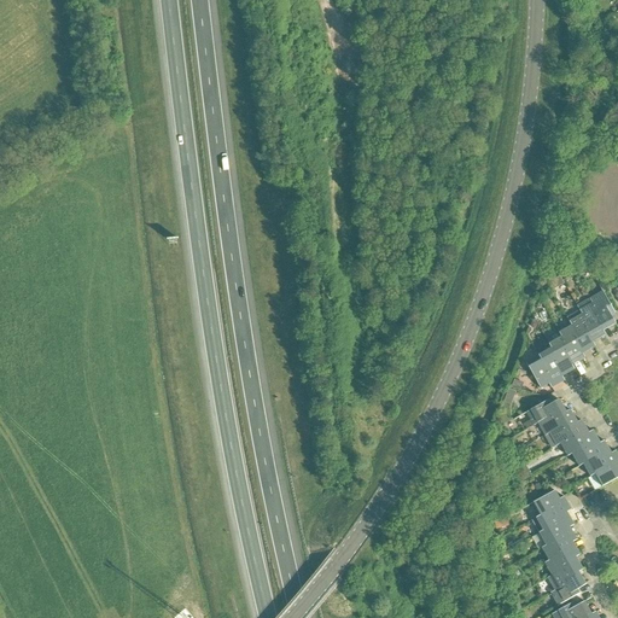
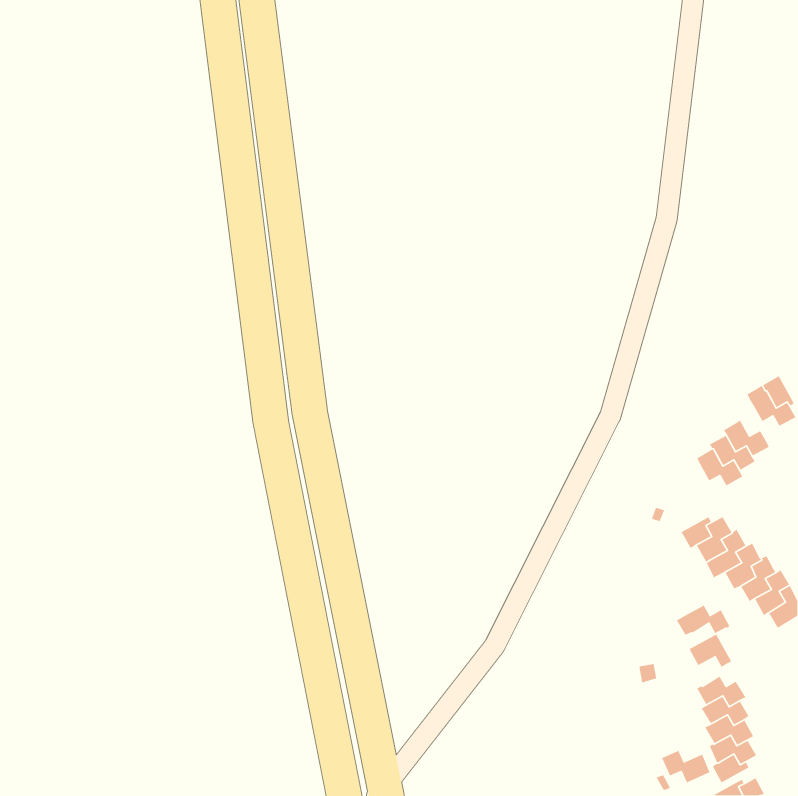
building: [565,309,604,340] -> none
building: [524,354,560,387] -> none
building: [530,507,572,531] -> [676,605,731,636]
building: none -> [661,750,711,784]

